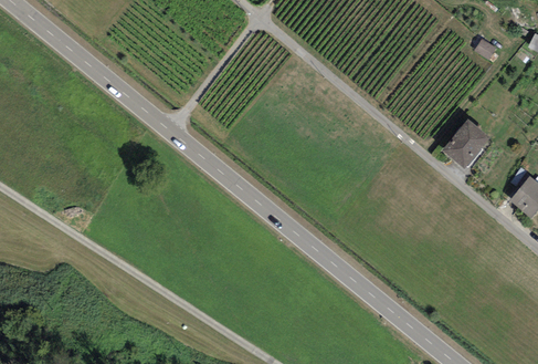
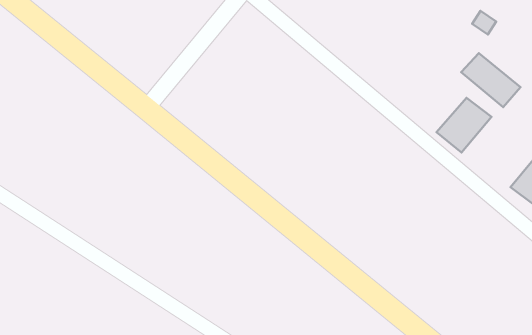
building: none -> [461,53,520,107]

